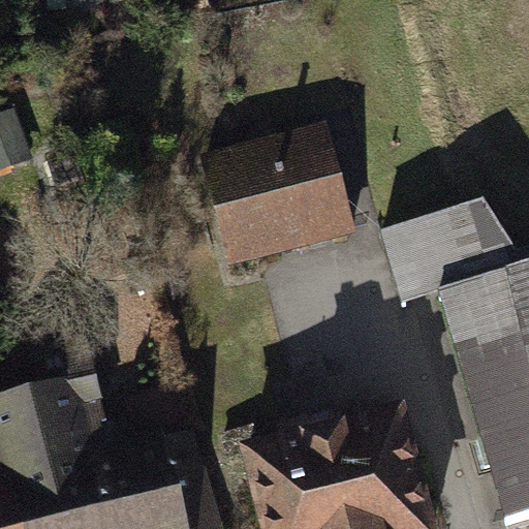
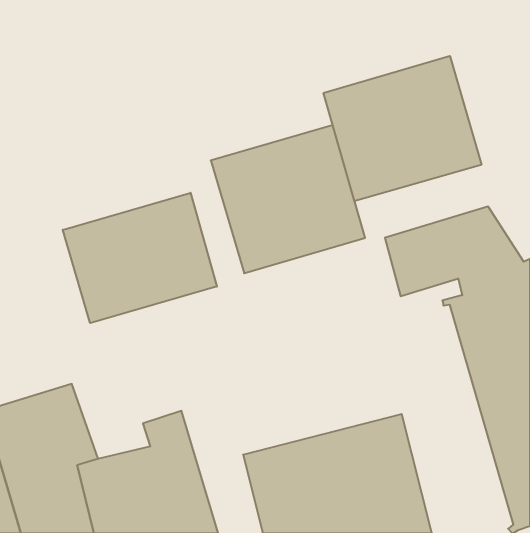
building: none -> [324,56,481,201]
building: none -> [63,193,217,323]

